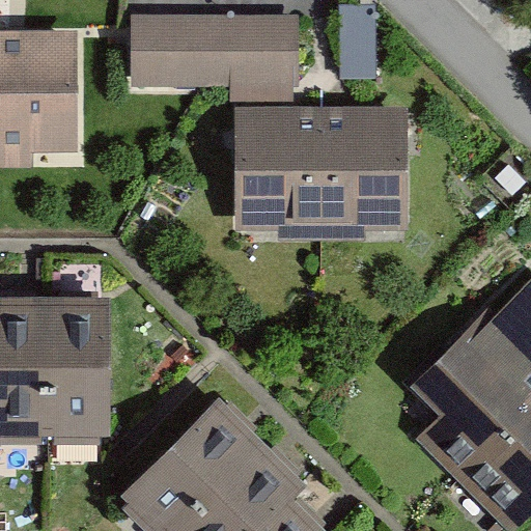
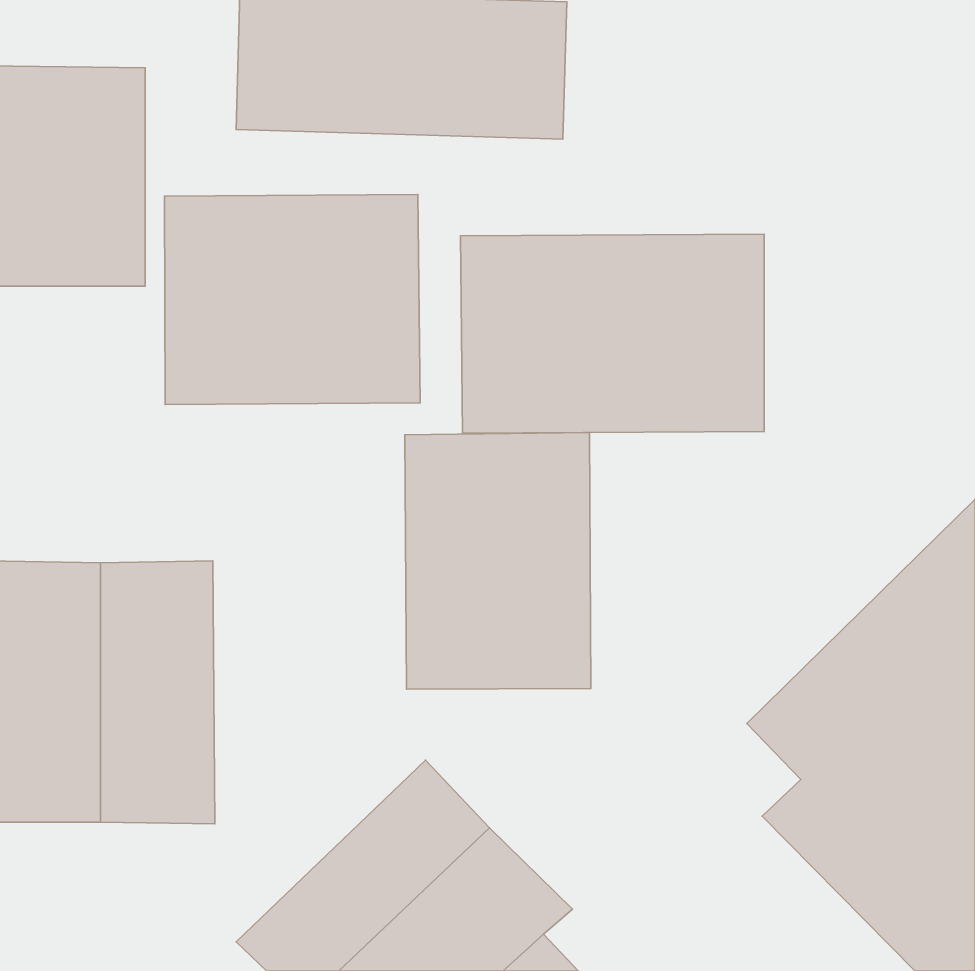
building: none -> [165,195,420,405]
building: none -> [405,432,591,689]

